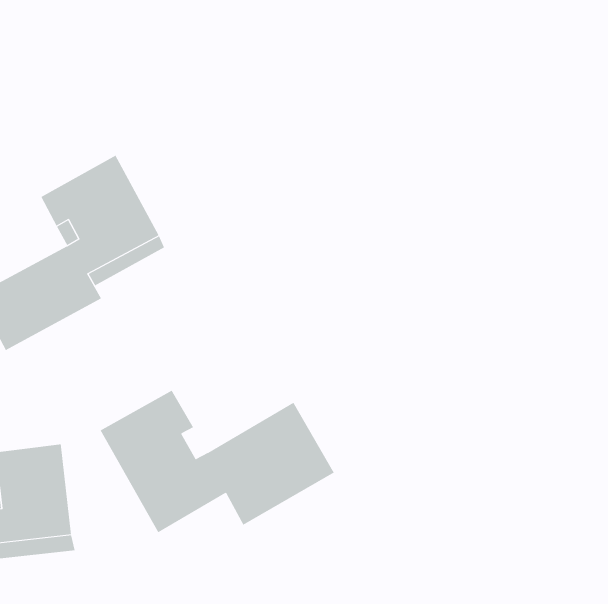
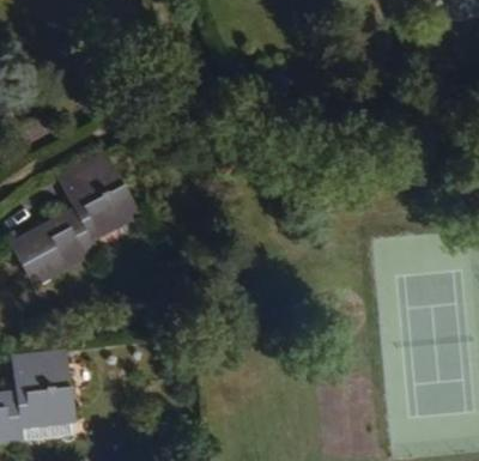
building: [100,390,335,533] -> none

